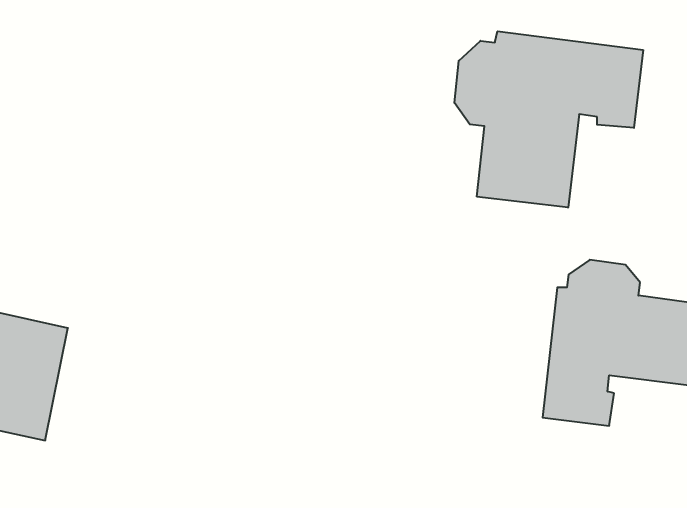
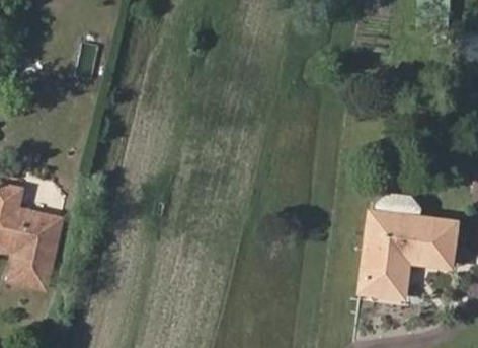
building: [454,31,643,208] -> none

